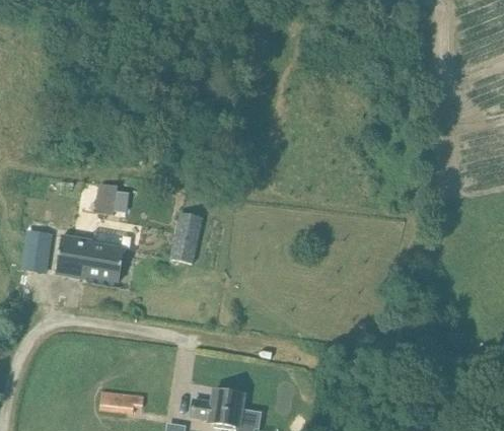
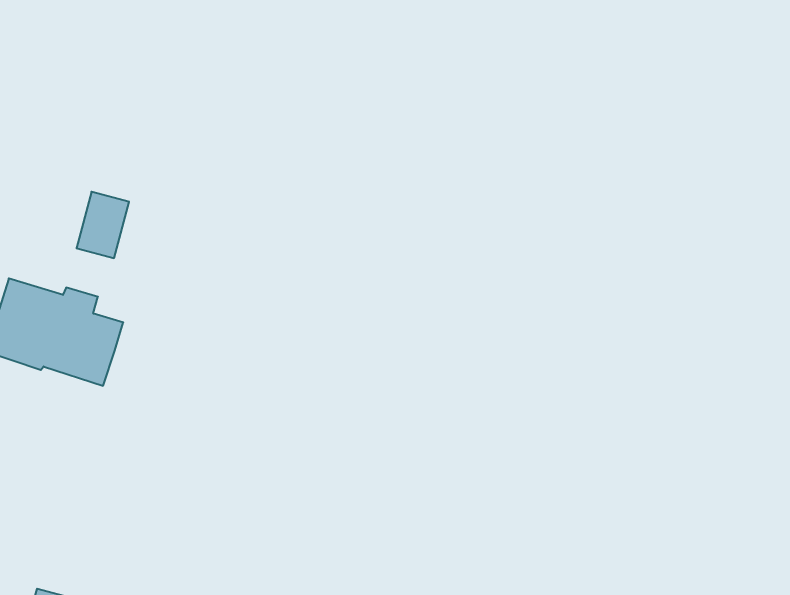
building: [171,211,203,263] -> none

